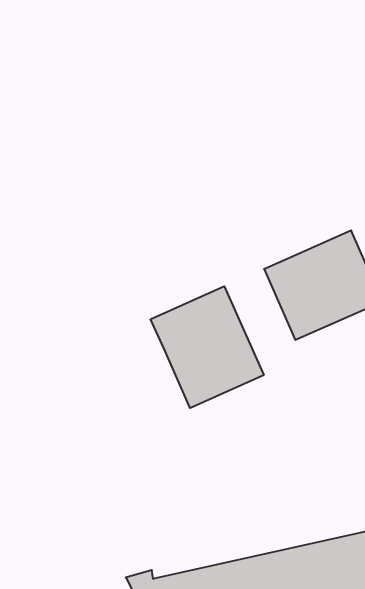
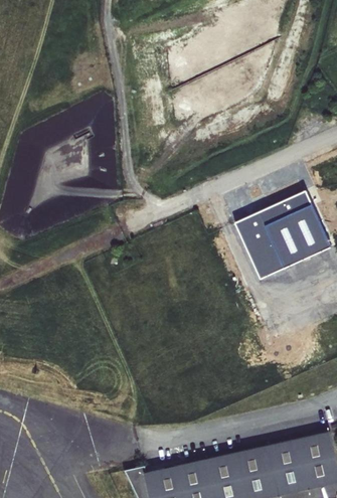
building: [151,286,264,408] -> none

